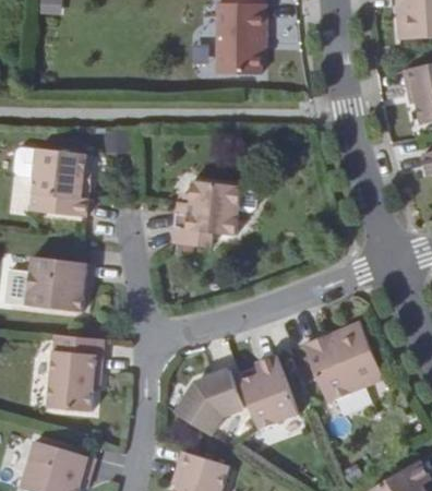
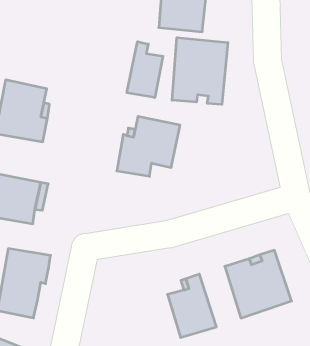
building: none -> [172,38,228,104]
building: none -> [127,42,163,98]
building: [163,364,235,428] -> none

